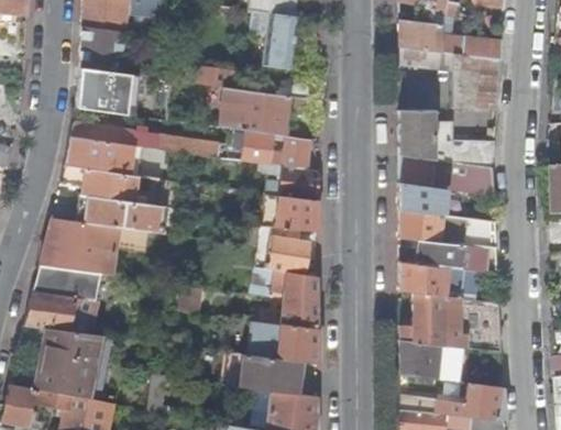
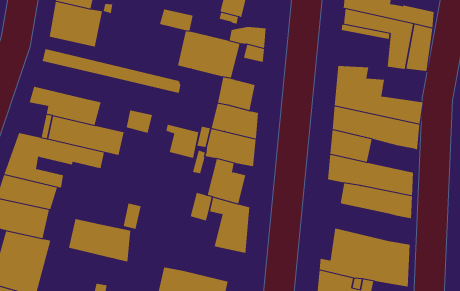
building: [235,130,273,165] -> [166,124,199,158]
building: [64,136,156,178] -> none
building: [399,262,477,300] -> none
building: [249,321,317,364] -> [68,219,131,262]

